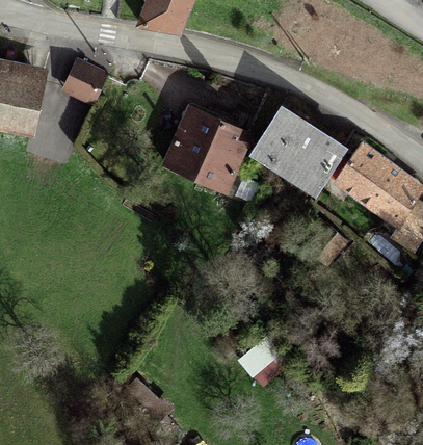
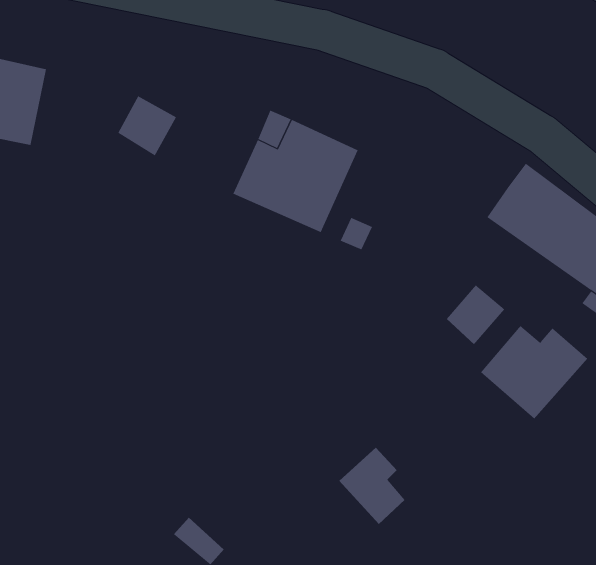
building: [67,62,106,103] -> [118,95,177,156]
building: [254,107,348,191] -> none
building: none -> [480,325,588,419]

